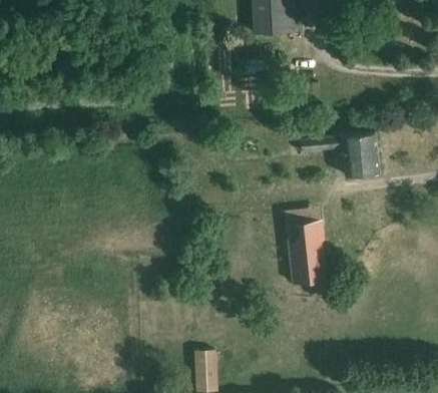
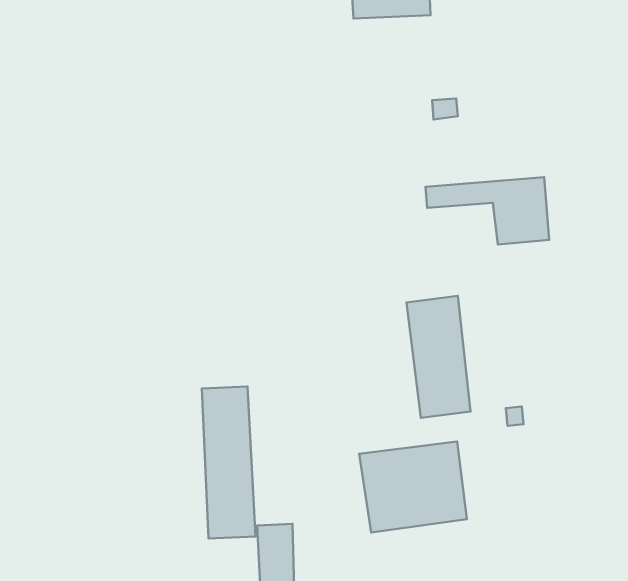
building: none -> [202,387,256,539]
building: none -> [359,442,467,533]

